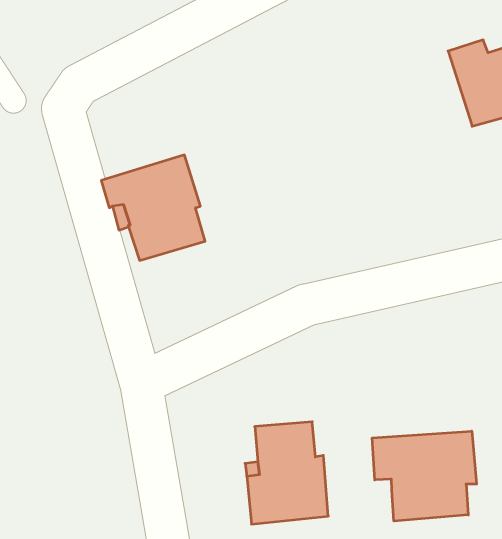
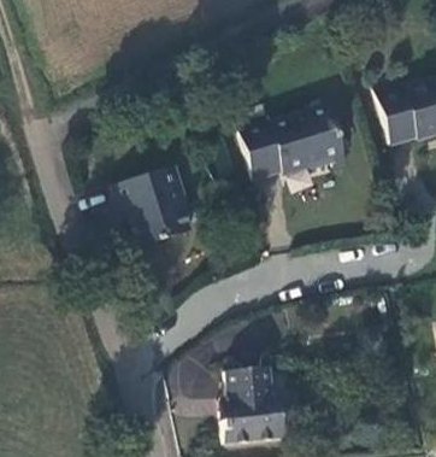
building: none -> [238,104,348,180]
building: [372,431,477,521] -> none

